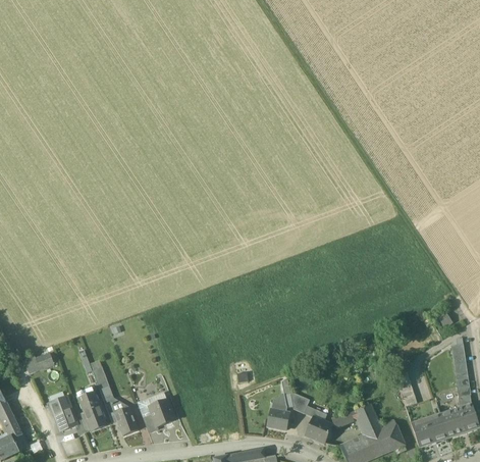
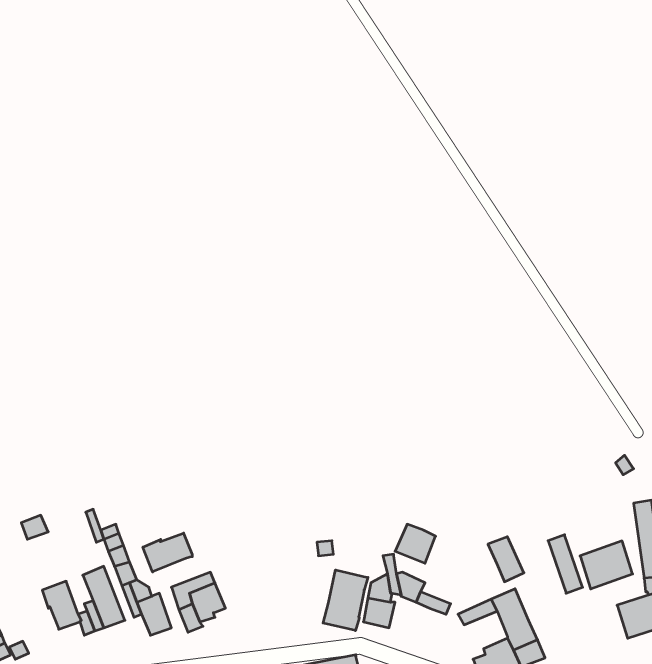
building: none -> [143,533,192,572]
building: none -> [323,570,368,631]
building: [412,414,447,447] -> [580,541,633,589]
building: [305,416,332,443] -> [395,524,436,563]
building: [380,419,405,450] -> [488,537,524,582]

